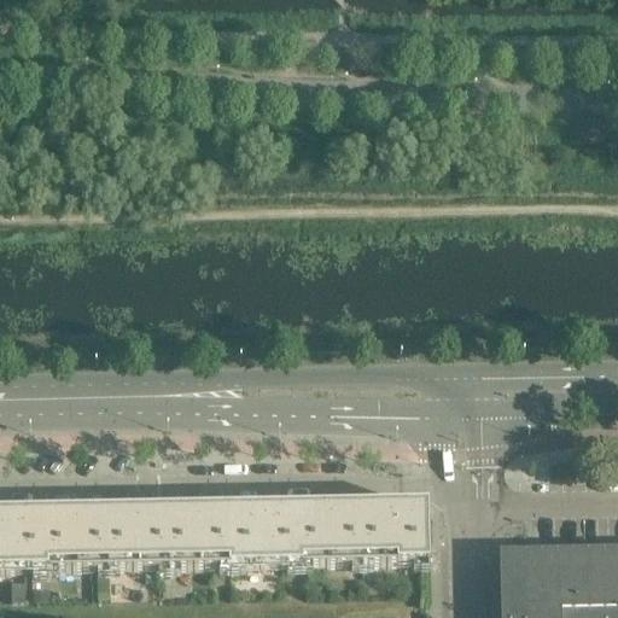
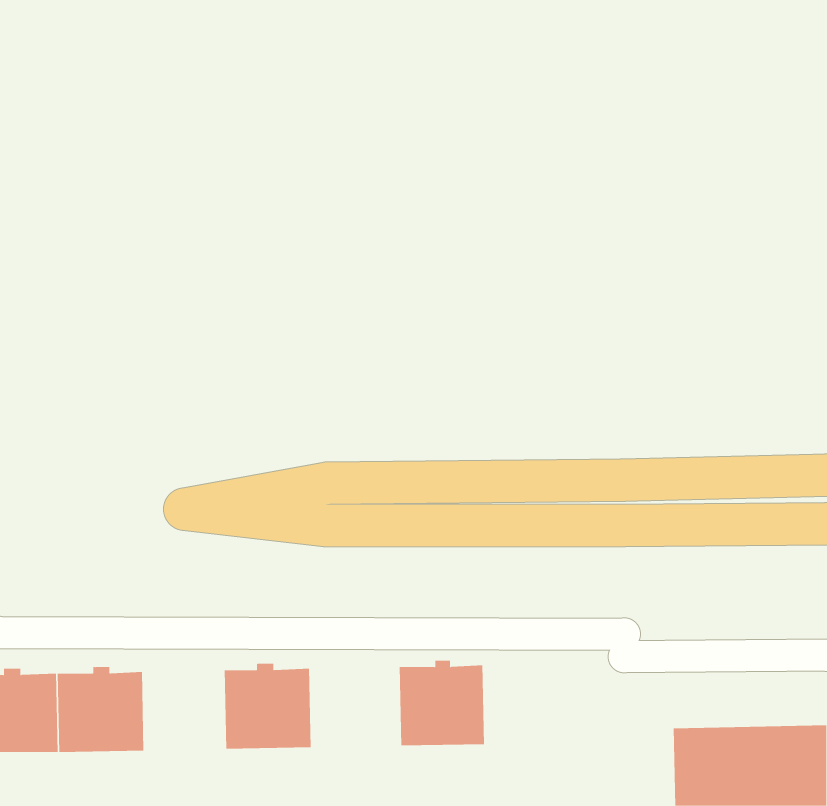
building: [360,490,428,554] -> none
building: [231,492,298,556] -> none
building: [106,495,168,559] -> none

